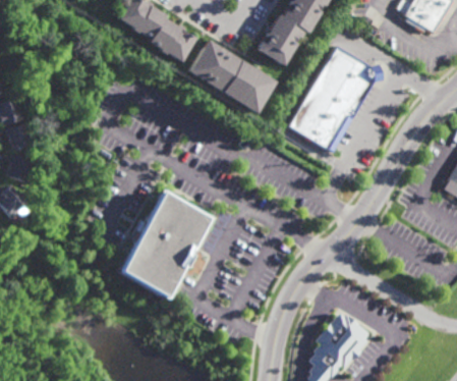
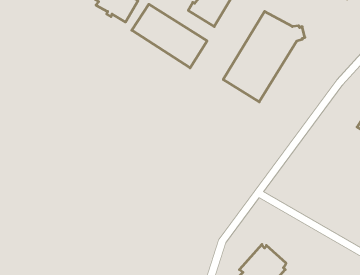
building: [116,190,212,301] -> none

